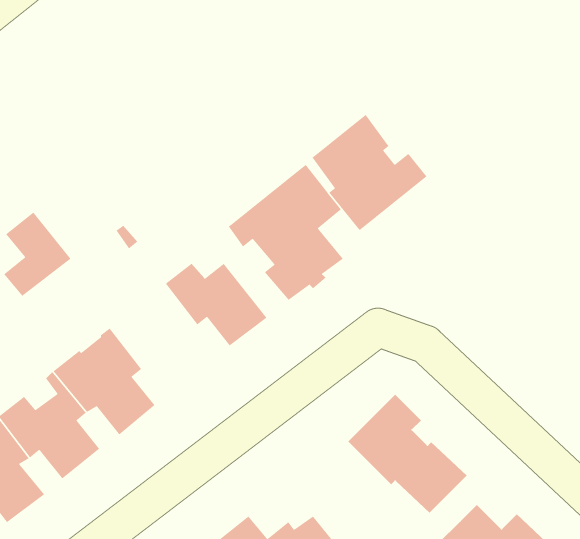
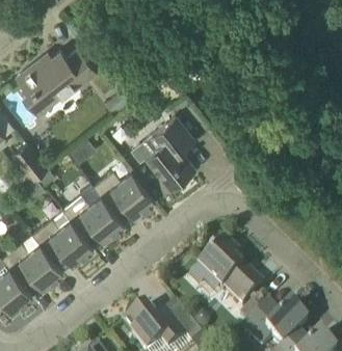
building: none -> [18,49,99,114]
building: [311,114,428,231] -> none
building: none -> [70,182,126,241]

